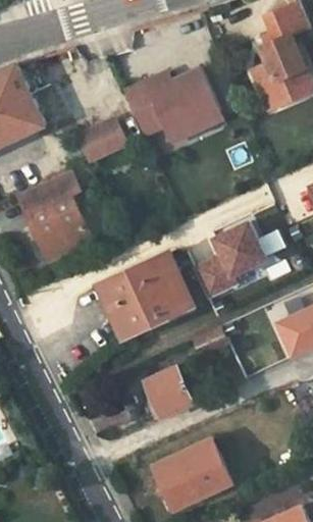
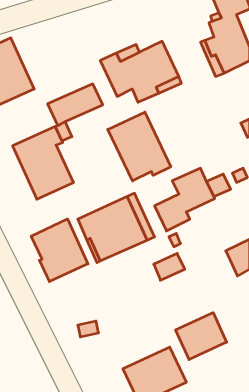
building: none -> [108,112,171,181]
building: none -> [31,219,88,282]
building: [145,366,193,416] -> none
building: none -> [176,313,227,360]

